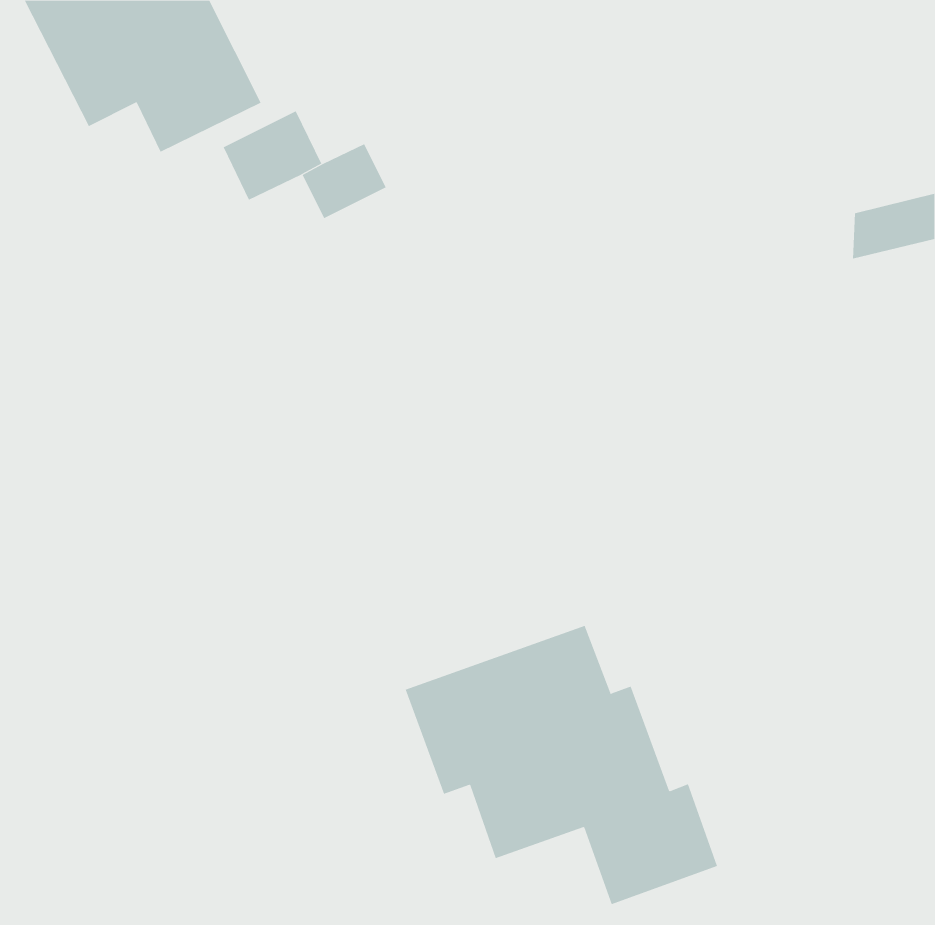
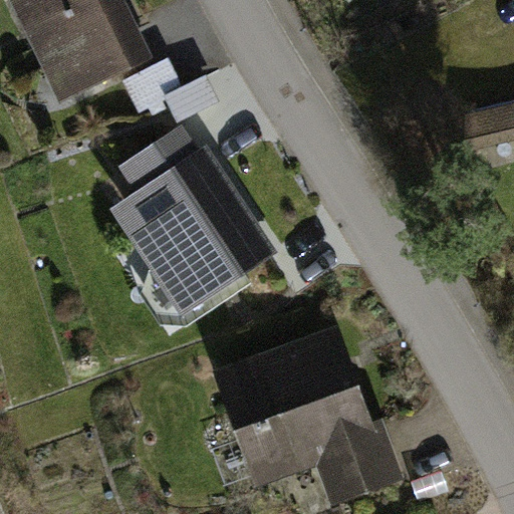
building: none -> [124,141,267,309]

